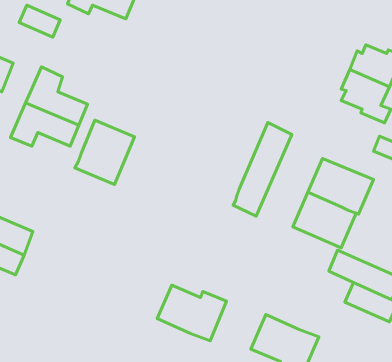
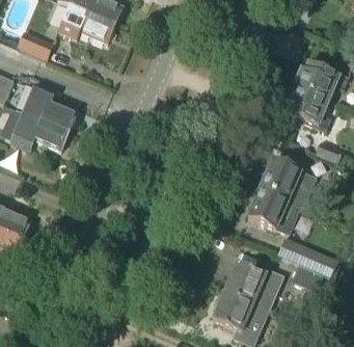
building: [75,120,134,185] -> none
building: [233,122,292,216] -> none
building: [157,285,226,341] -> [224,262,282,309]

